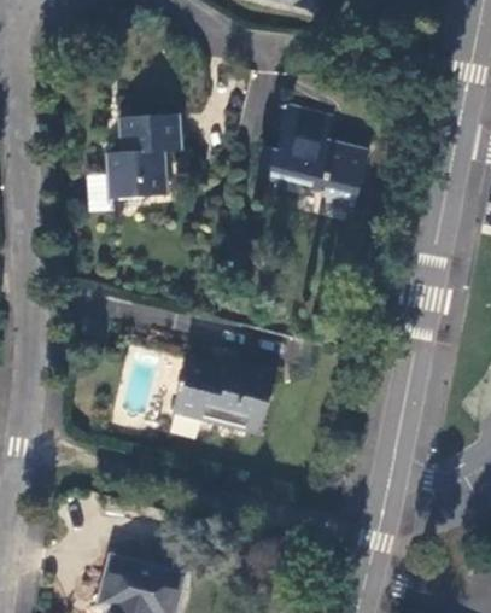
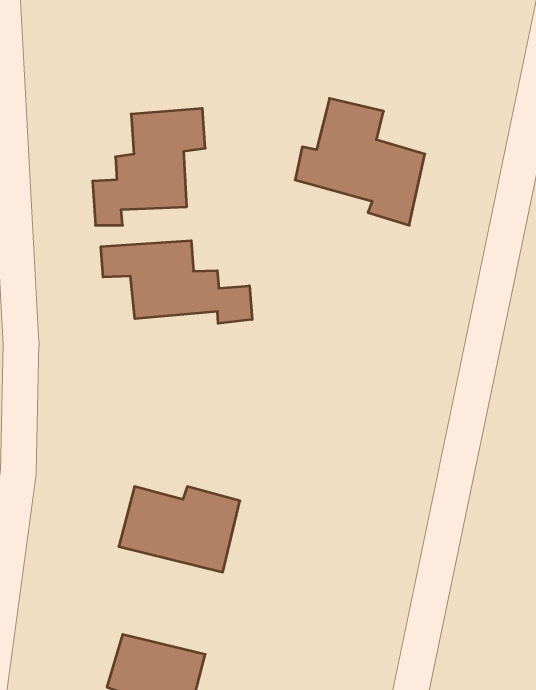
building: none -> [101,241,252,323]
building: [174,360,276,432] -> [119,487,240,572]

